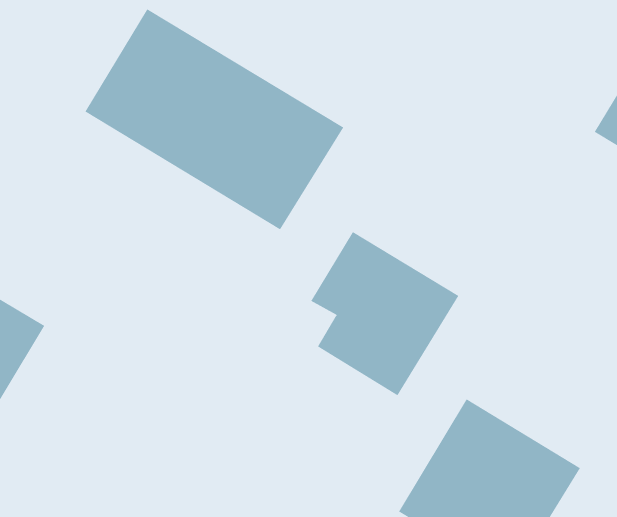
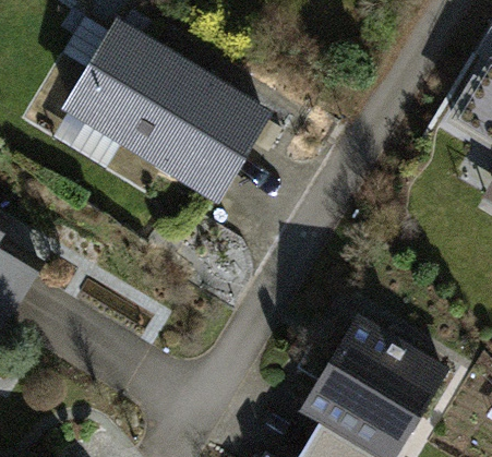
building: [310,231,459,396] -> none

